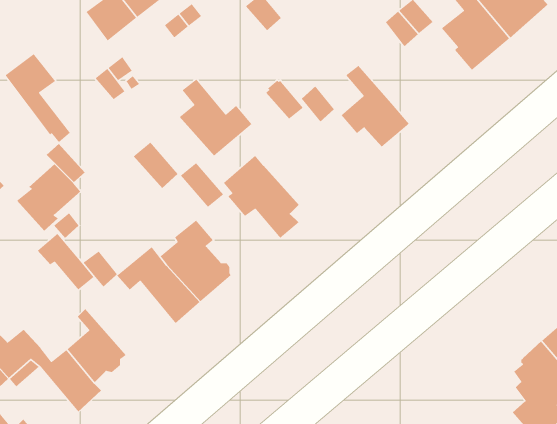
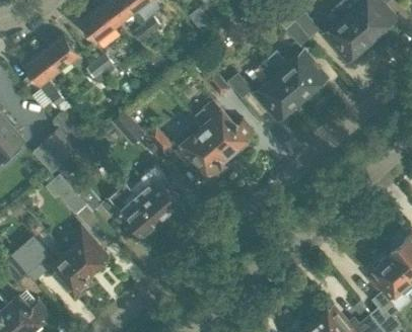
building: none -> [45,35,79,70]
building: none -> [268,51,328,99]
building: [179,78,252,157] -> [203,101,254,155]

